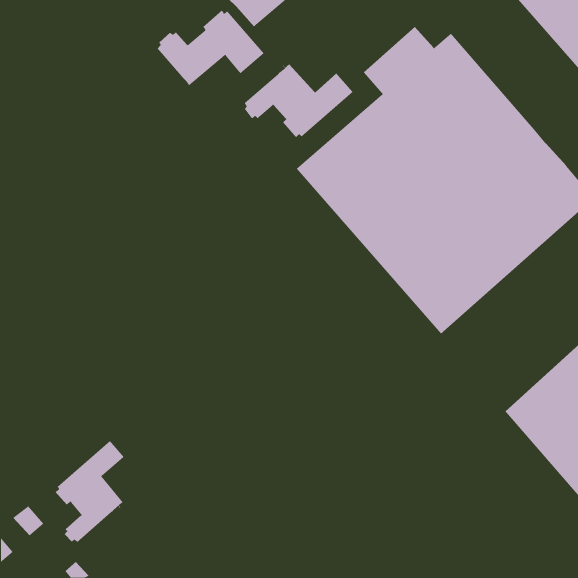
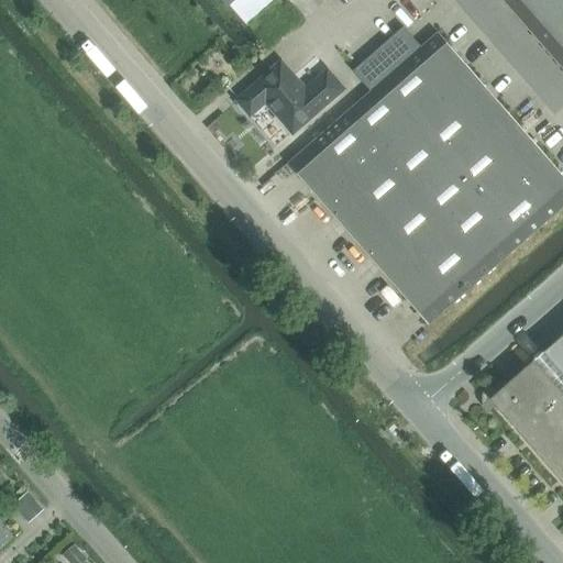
building: [157,10,264,86] -> none
building: [55,440,124,543] -> none

